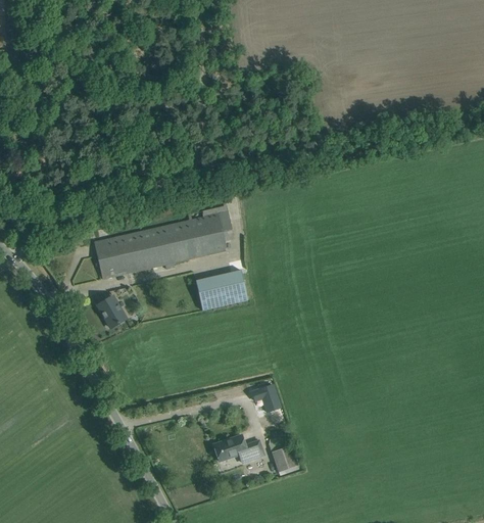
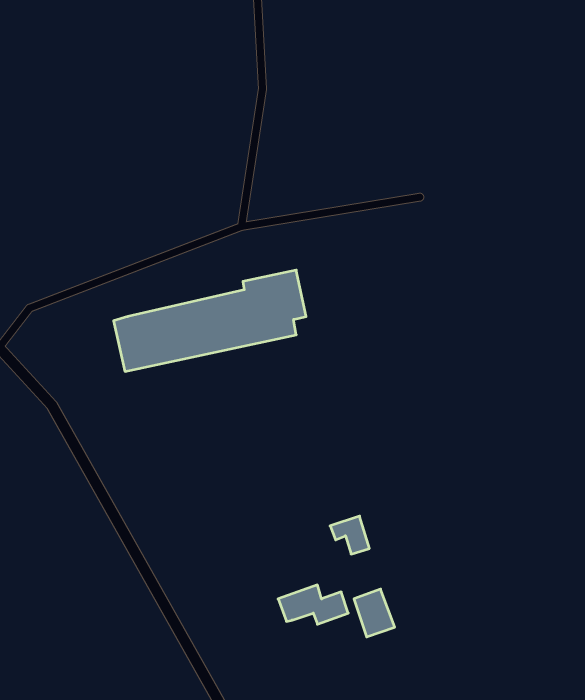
building: [194,270,246,313] -> none
building: [96,296,125,327] -> none

